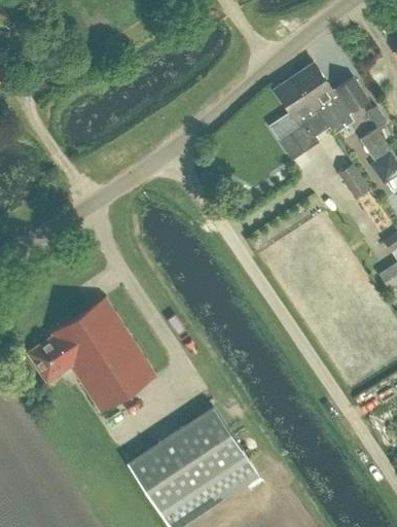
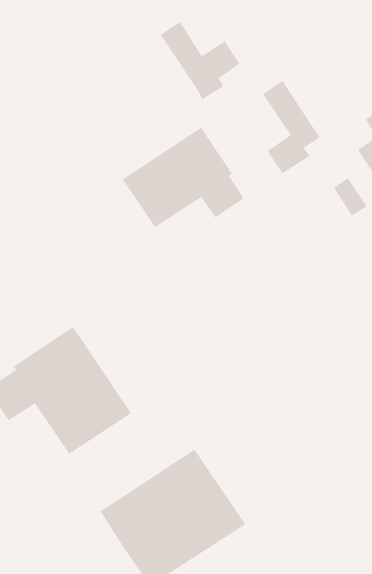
building: [293,64,365,135] -> [160,21,240,100]
building: none -> [122,127,245,228]

